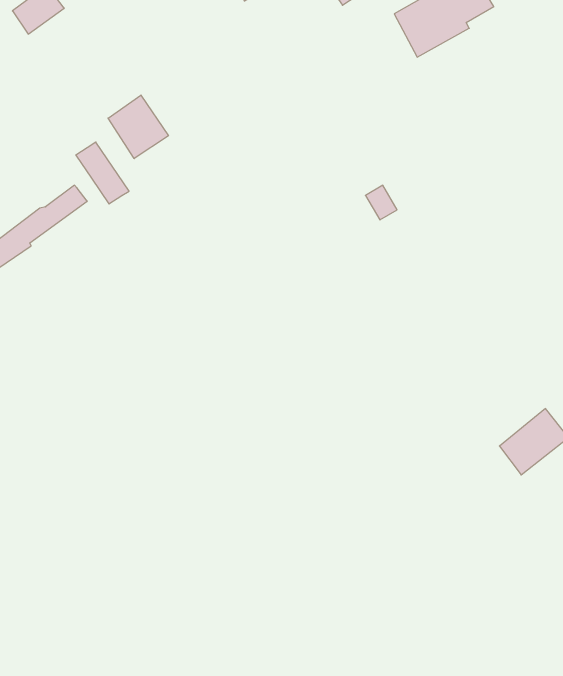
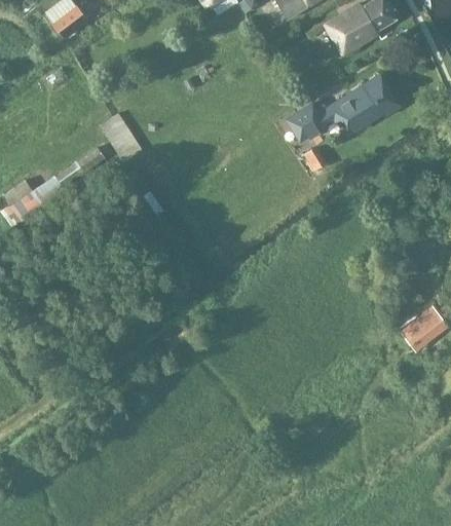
building: none -> [288,74,401,140]
building: [108,95,168,159] -> none

